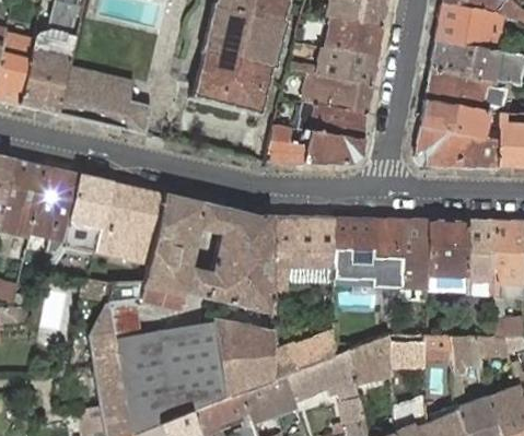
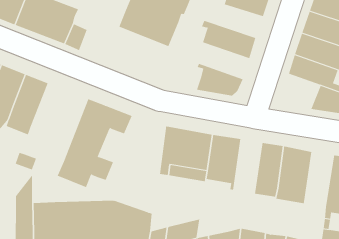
building: [287,48,377,85] -> none
building: [299,102,368,141] -> none
building: [264,123,307,164] -> none
building: [415,126,464,167] -> none
building: [96,184,165,263] -> none
building: [205,210,272,315] -> none
building: [372,219,399,287] -> none
building: [466,222,494,295] -> none
building: [108,297,142,341] -> none

